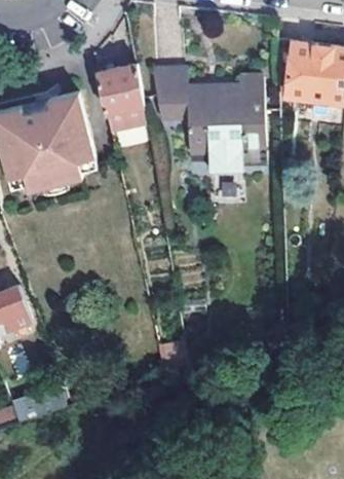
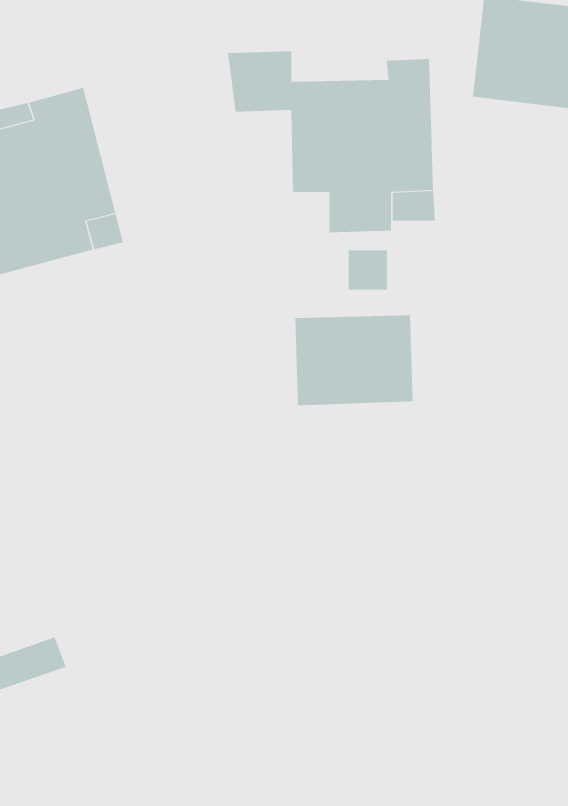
building: [97,64,143,126] -> none
building: none -> [295,315,413,406]

